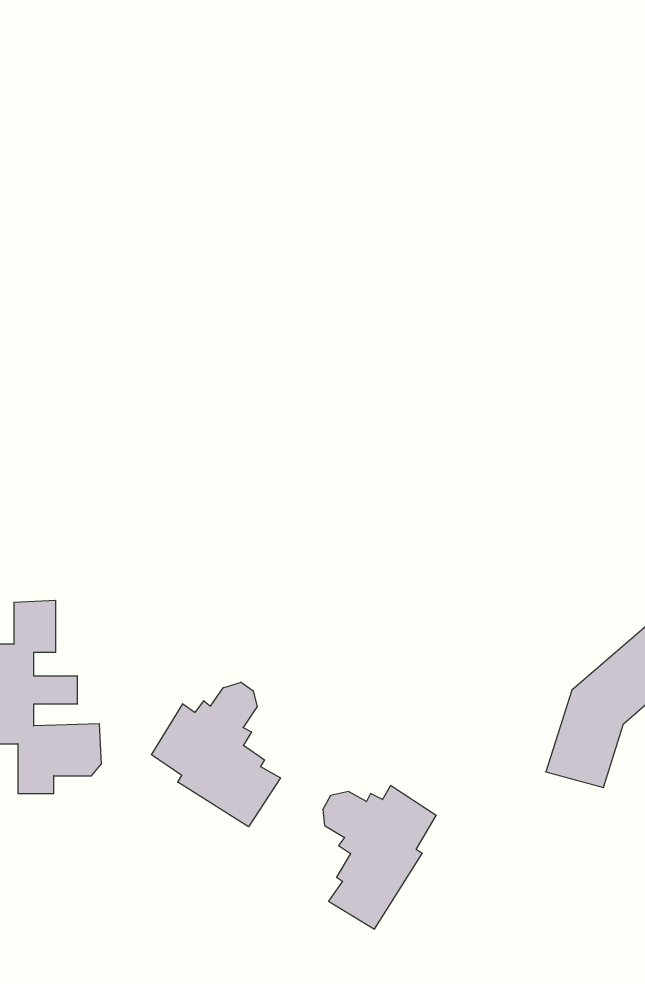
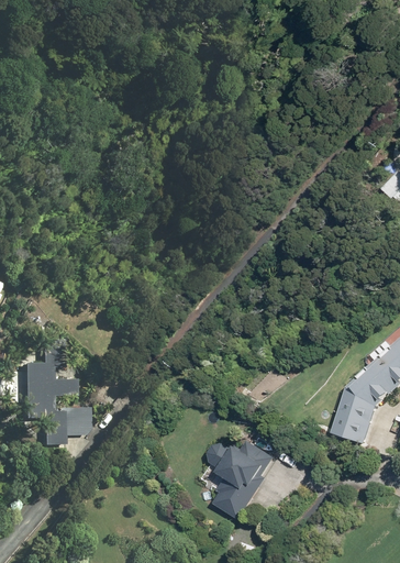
building: [152,682,280,827] -> none

